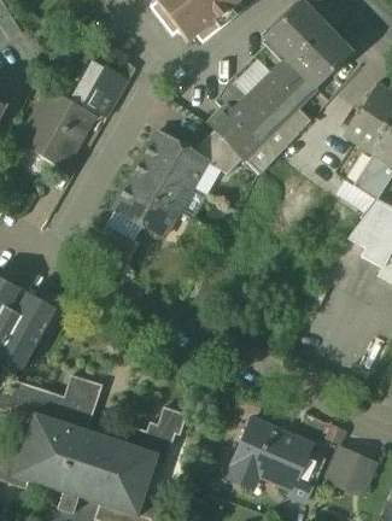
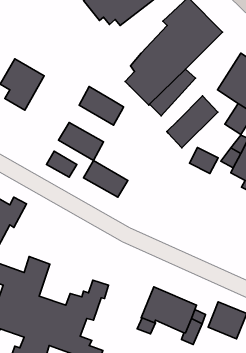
building: [82,55,136,116] -> none
building: [193,129,244,174] -> none
building: none -> [167,96,218,148]
building: [129,157,193,210] -> [83,160,128,197]
building: none -> [189,147,218,174]

